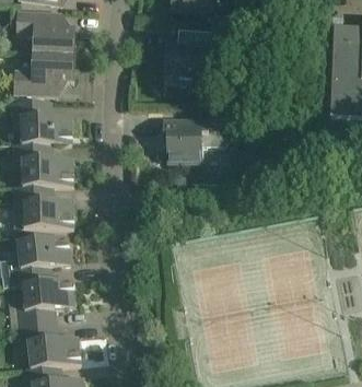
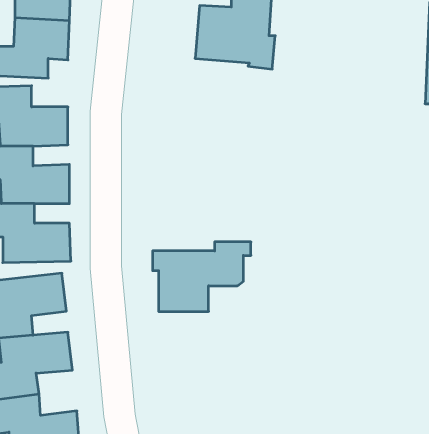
building: [163,112,234,162] -> [153,242,251,311]

